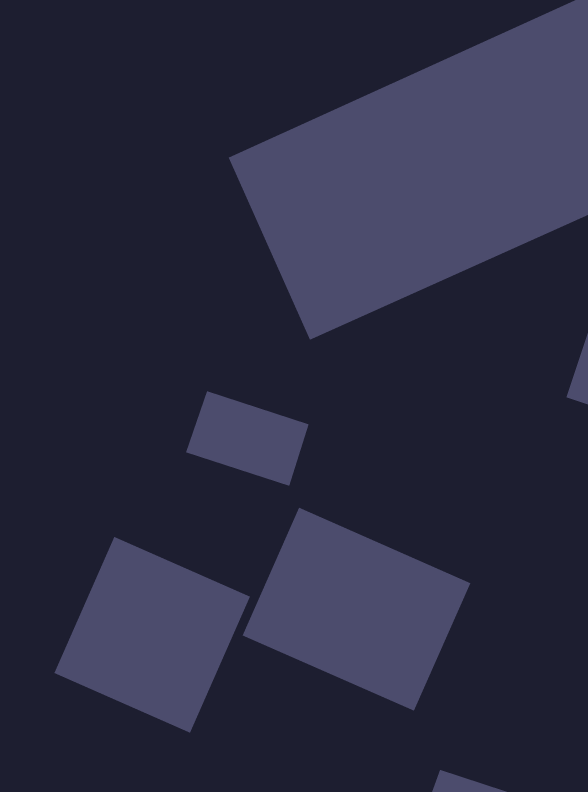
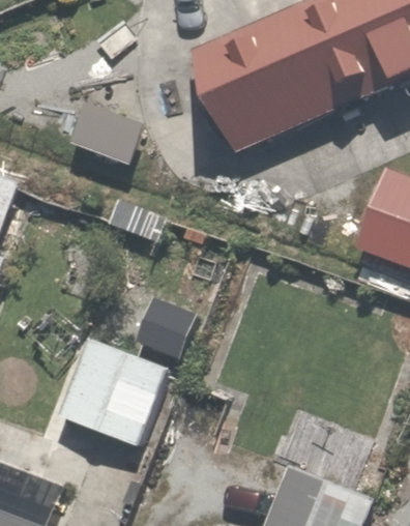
building: [242,507,471,712] -> none

